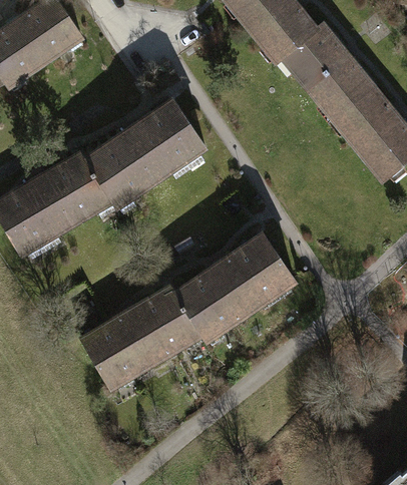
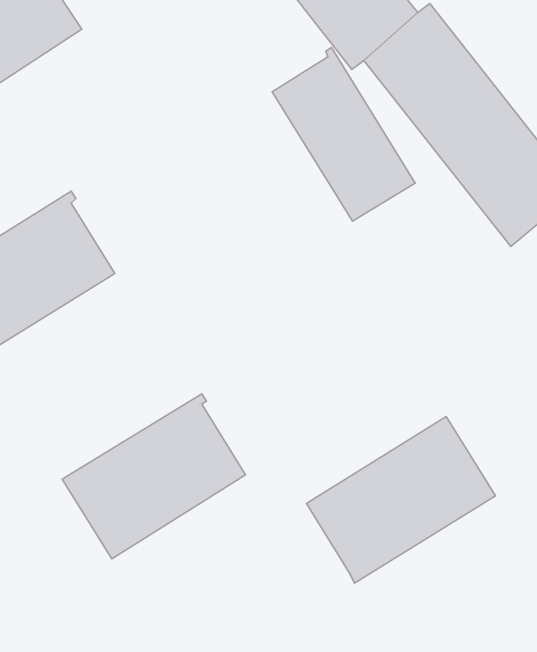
building: none -> [272,47,415,221]
building: [84,96,212,206] -> none
building: [171,230,298,342] -> [307,416,496,583]

